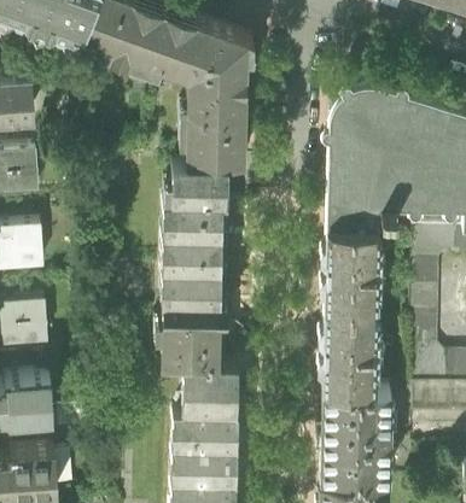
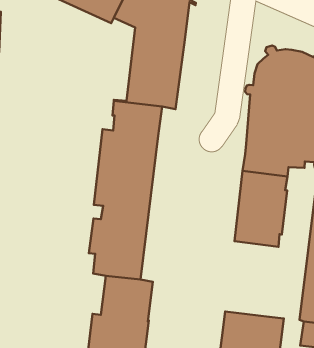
building: [322,312,377,394] -> none

